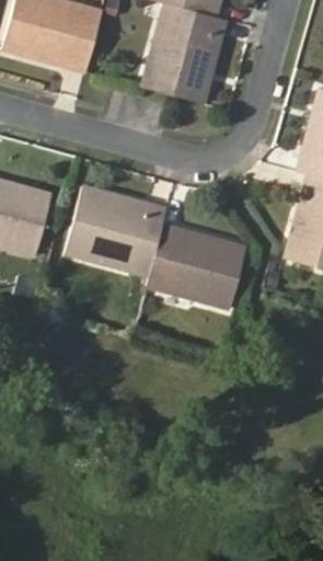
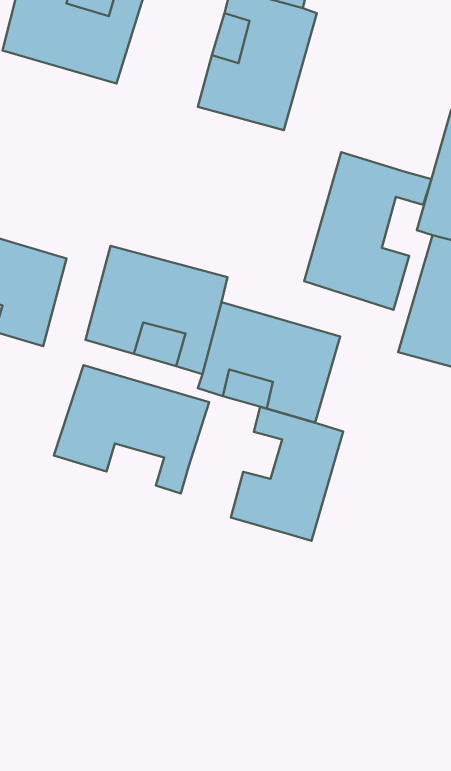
building: none -> [304,152,431,310]
building: none -> [54,365,209,493]
building: none -> [231,407,343,541]

